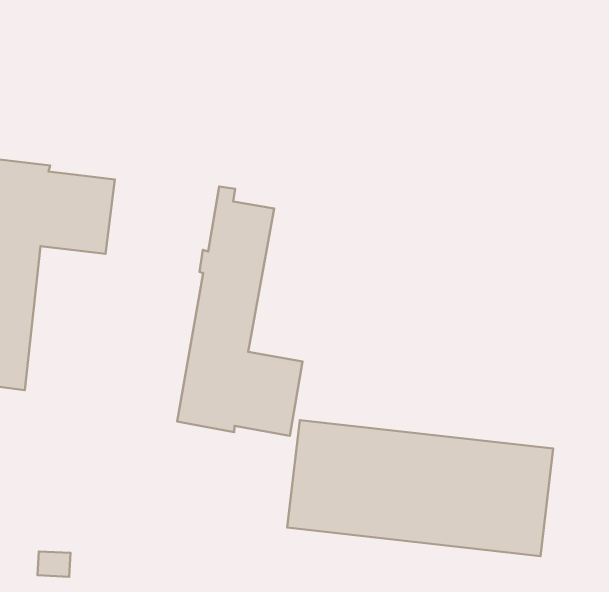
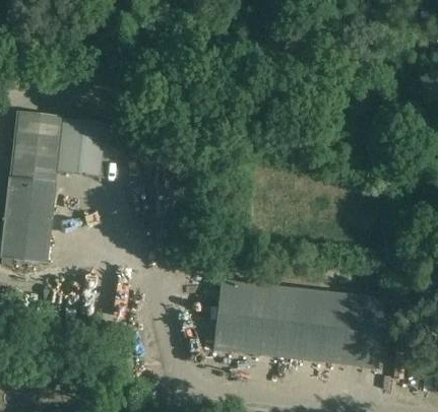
building: [177,187,302,436] -> none

